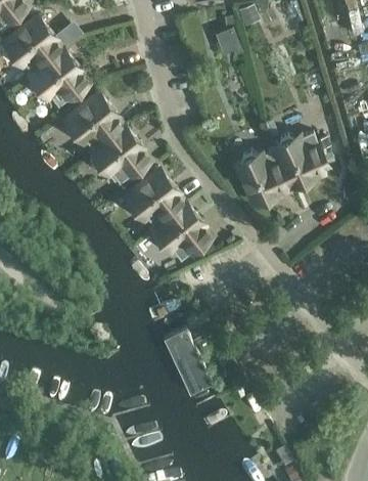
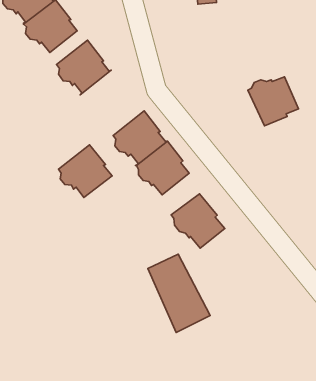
building: [91,125,149,182] -> [58,145,112,198]
building: [236,146,291,203] -> none
building: none -> [171,194,225,248]

